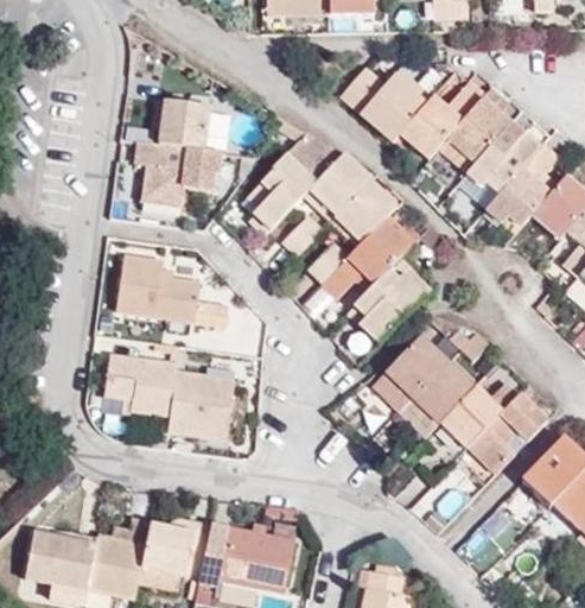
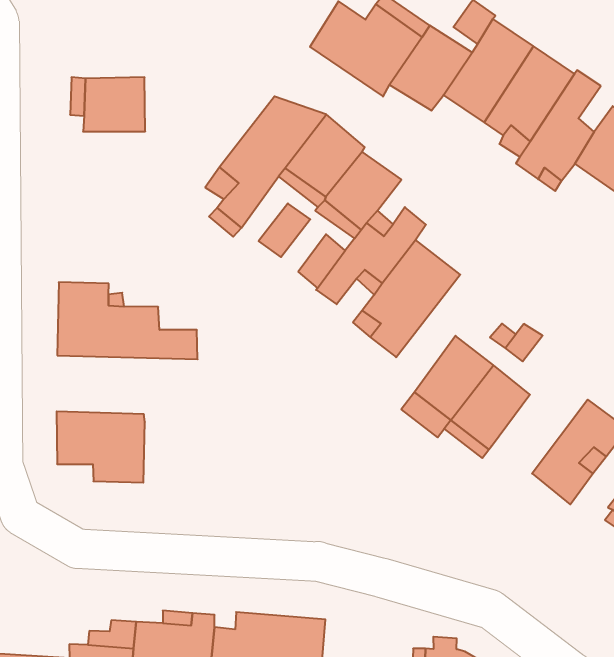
building: [134,139,222,205] -> none
building: [167,369,231,439] -> none
building: [439,384,517,448] -> none

